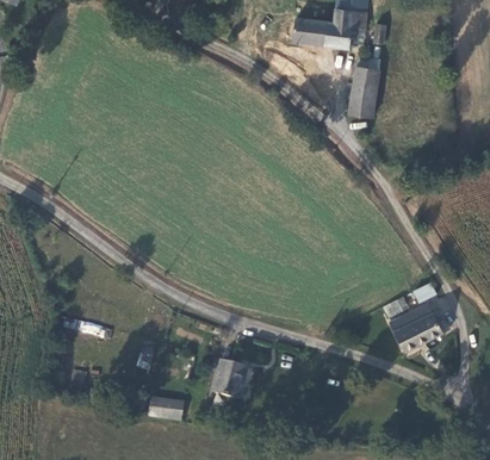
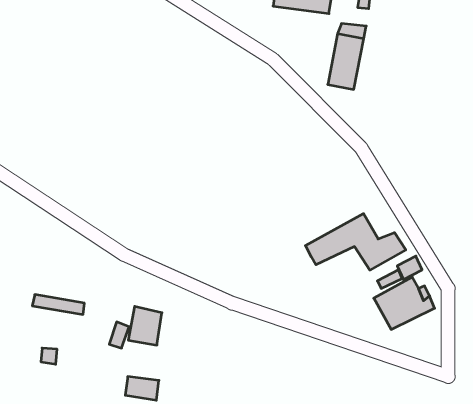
building: none -> [305,214,406,270]
building: [213,359,246,396] -> [128,306,162,345]

